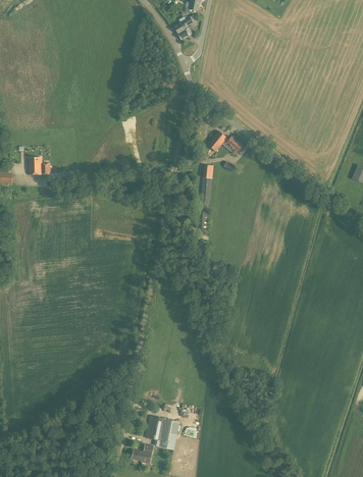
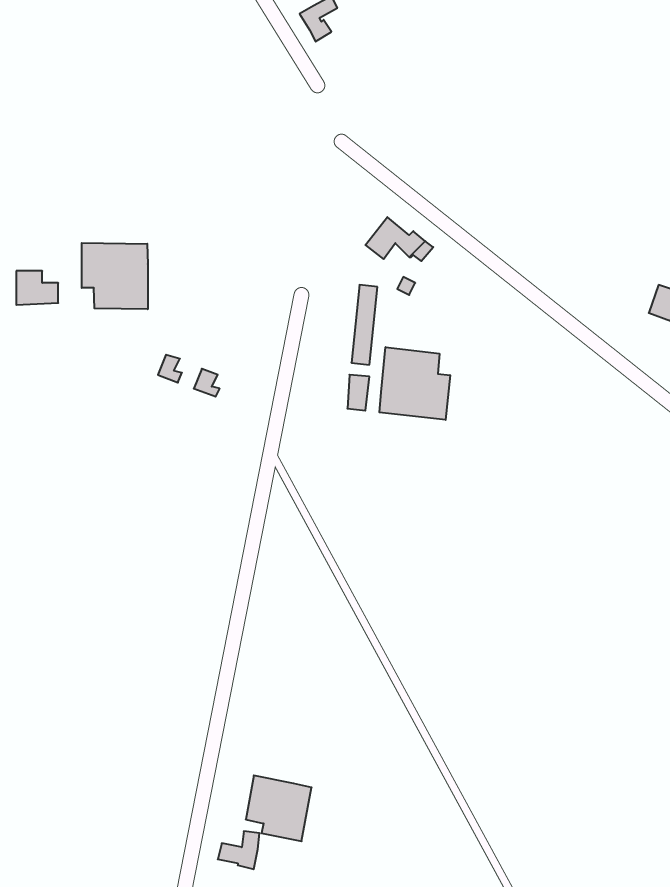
building: none -> [82,243,148,309]
building: none -> [379,347,450,420]

